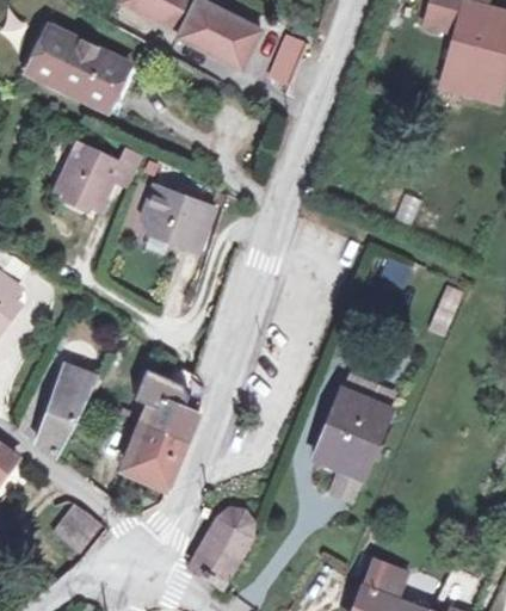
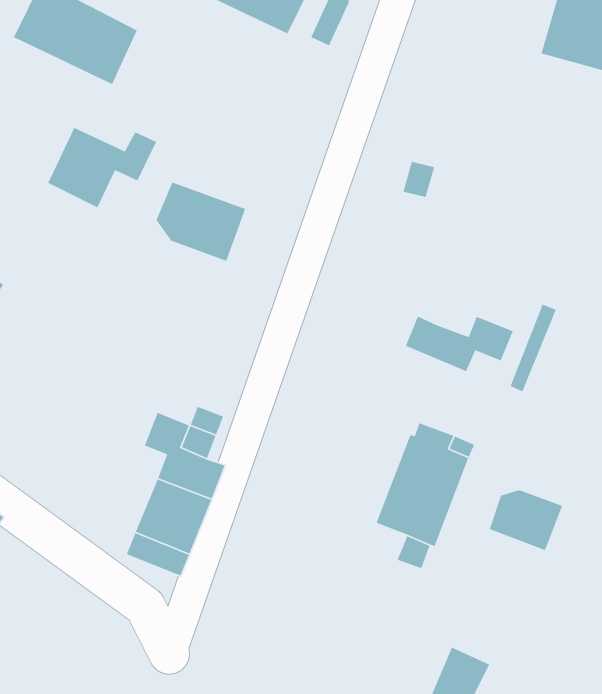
building: none -> [405,316,514,372]
building: [36,379,87,453] -> none
building: none -> [489,489,563,551]
building: [54,502,110,563] -> none
building: [187,505,261,592] -> none

